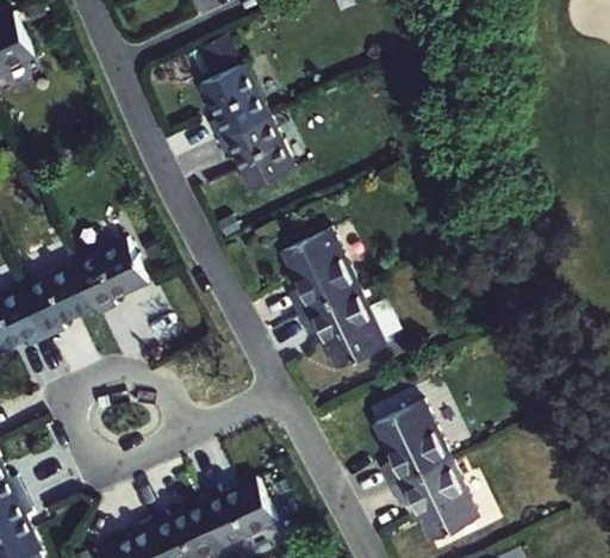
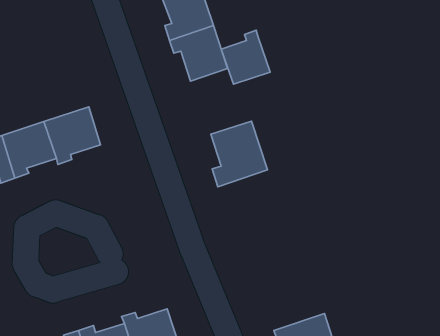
building: none -> [221,30,270,84]
building: [300,290,388,371] -> none
building: [375,402,453,489] -> none

